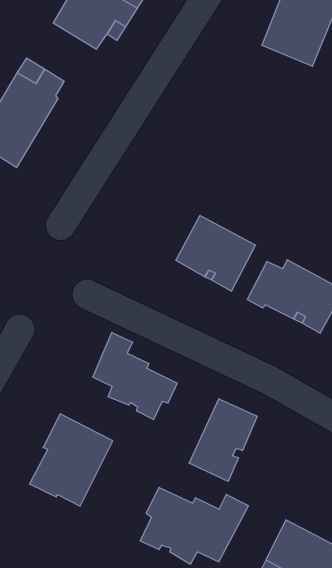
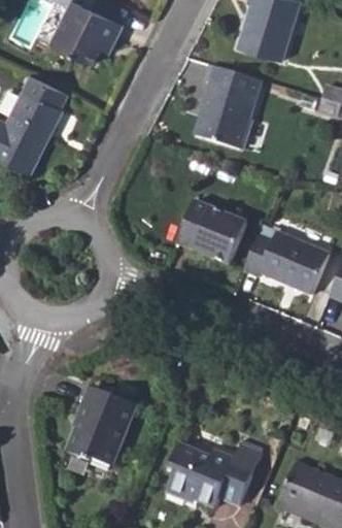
building: none -> [196,64,263,150]
building: [93,332,177,420] -> none
building: [189,399,257,481] -> none

